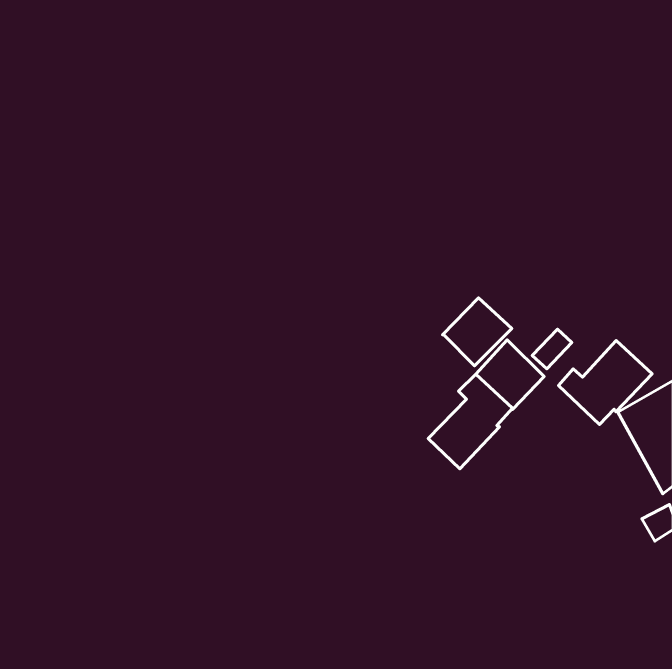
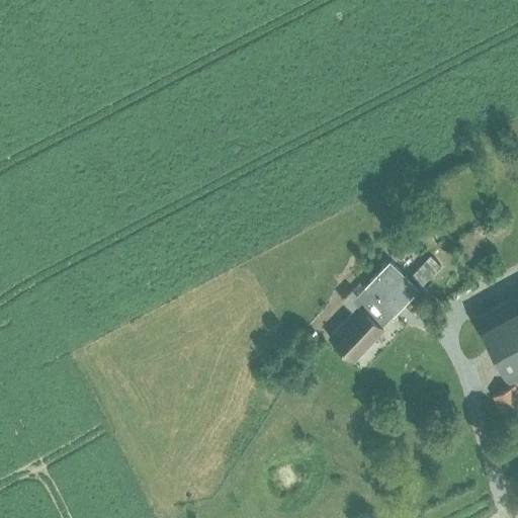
building: [442,298,512,366] -> none
building: [559,340,652,424] -> none

